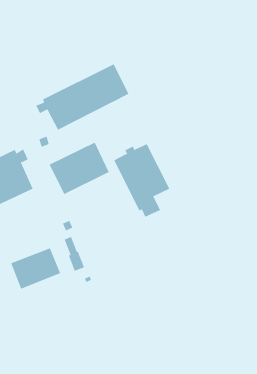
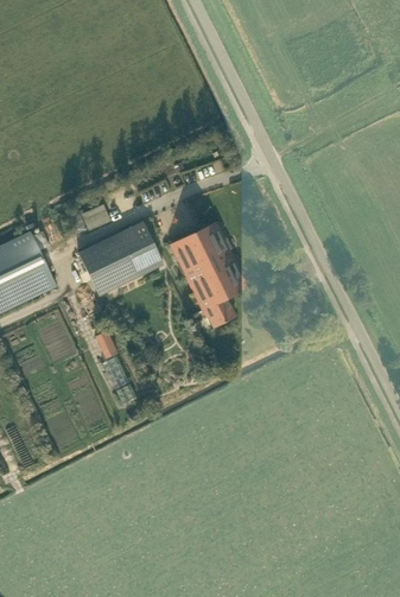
building: [35,63,129,130] -> none
building: [11,247,61,289] -> none

